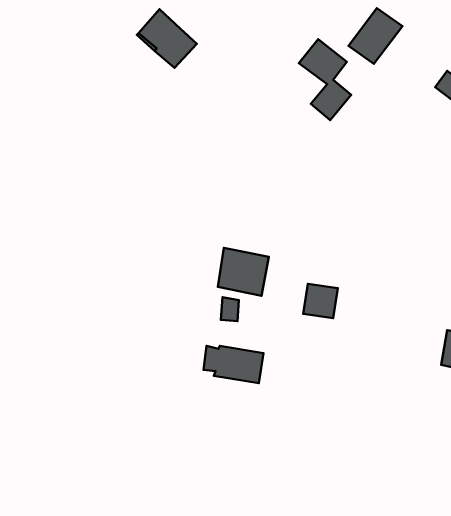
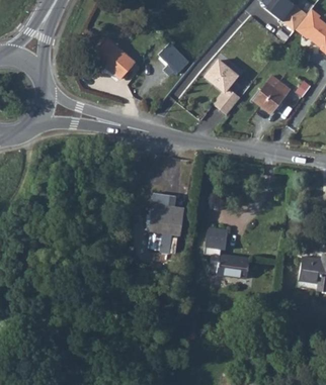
building: [348,8,402,64] -> [254,76,291,113]
building: none -> [159,43,189,74]
building: [203,346,263,383] -> [211,252,251,277]

